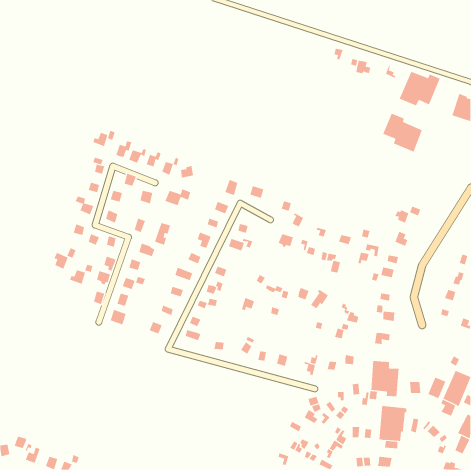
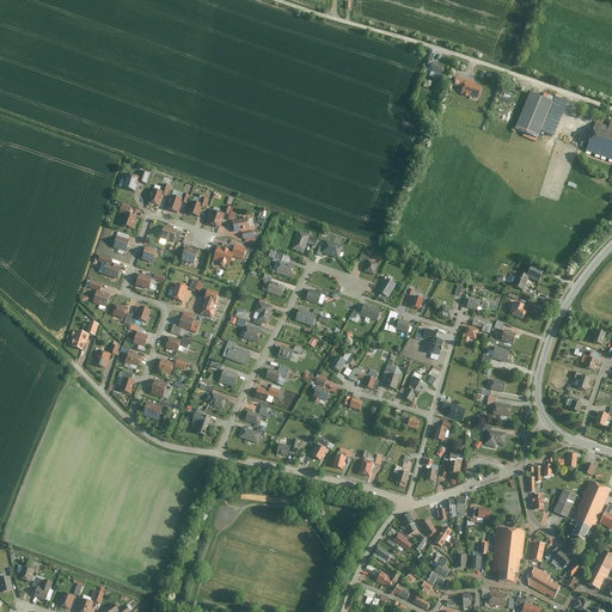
building: [383,113,423,152] -> none
building: [371,360,399,397] -> none
building: none -> [527,565,561,595]

